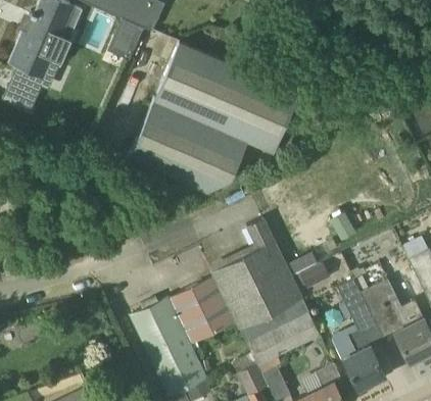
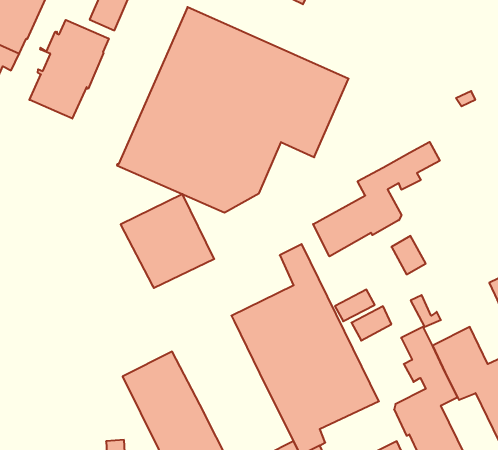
building: none -> [29,20,109,119]
building: none -> [313,142,440,256]
building: [167,274,237,344] -> [121,194,214,288]

